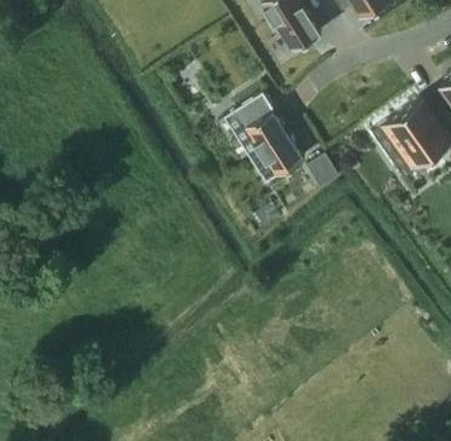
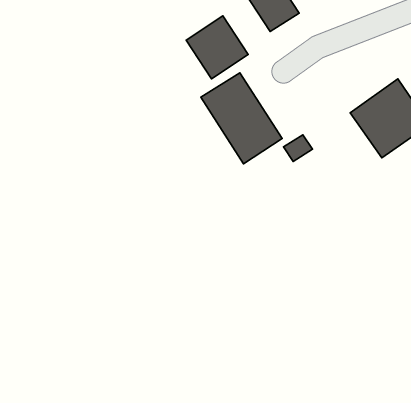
building: none -> [186,16,248,79]

